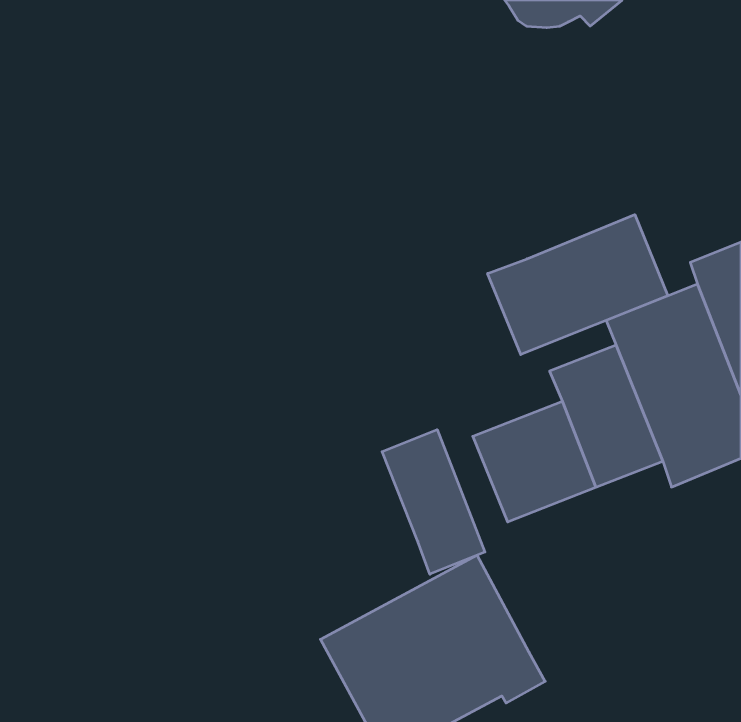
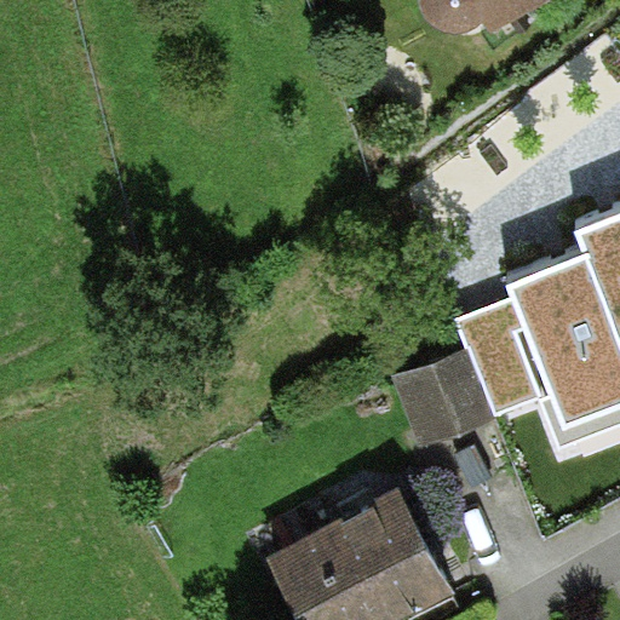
building: [488,215,668,355] -> none
building: [382,430,485,574] -> none

